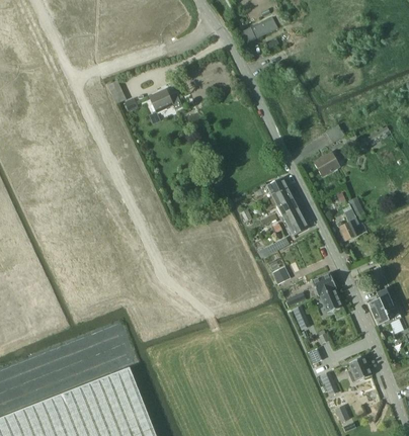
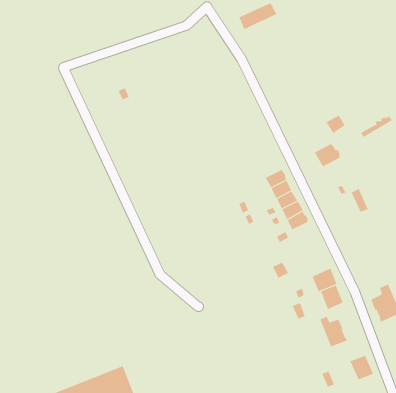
building: [149,89,182,114] -> none
building: [337,205,359,243] -> none
building: none -> [319,316,348,347]

